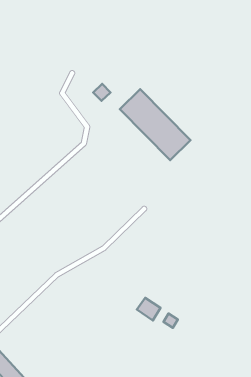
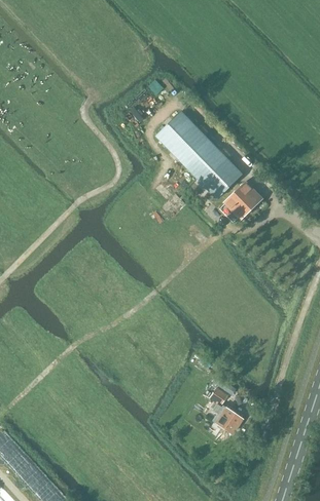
building: none -> [223,181,262,220]
building: [137,298,160,321] -> [212,406,241,433]

